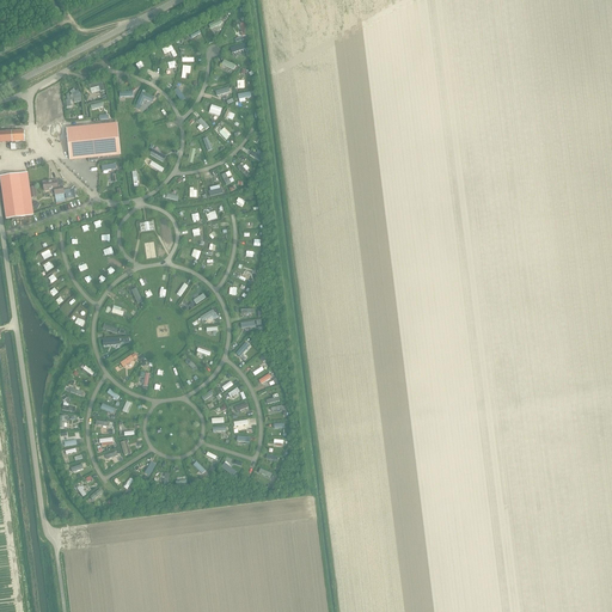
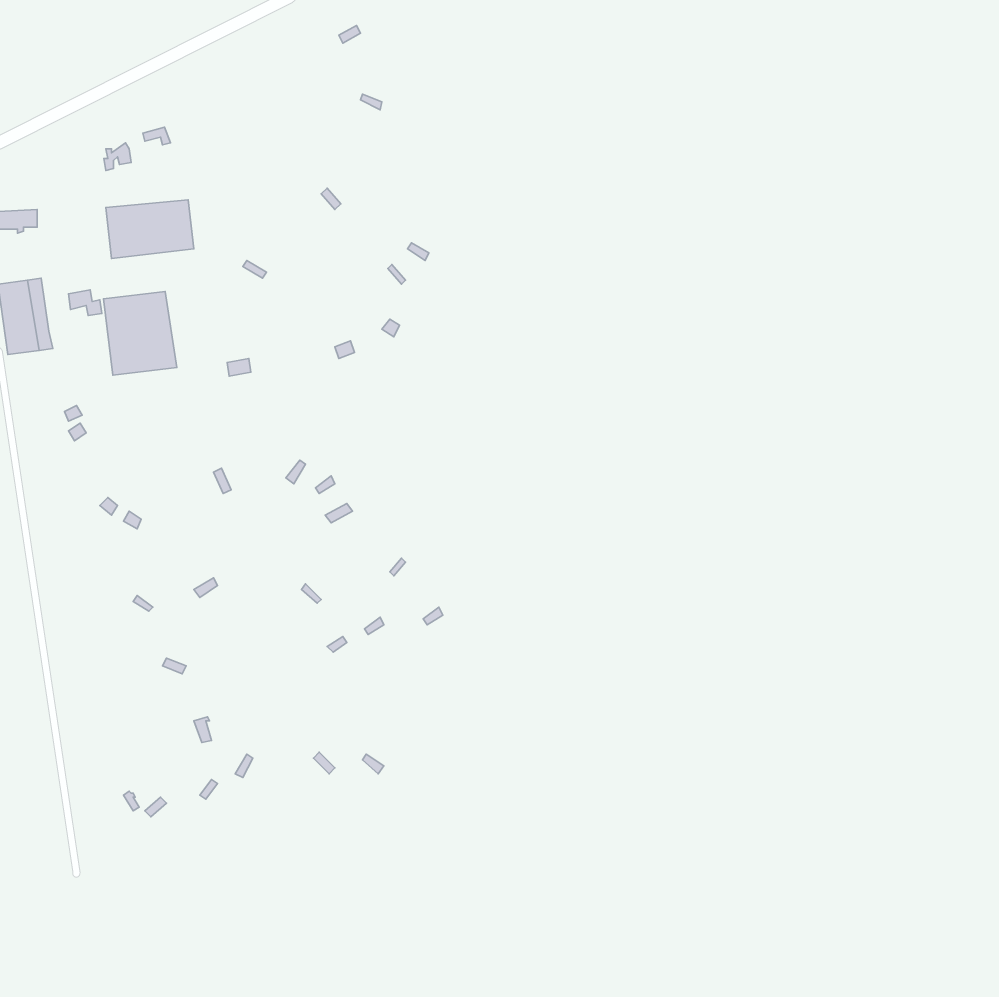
building: none -> [104,291,177,375]

